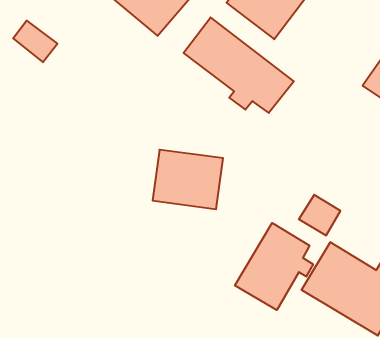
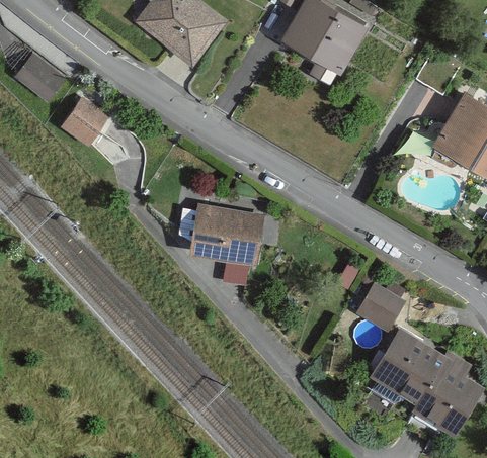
building: [184,17,294,113] -> none
building: none -> [65,104,115,155]
building: [235,223,313,310] -> none

